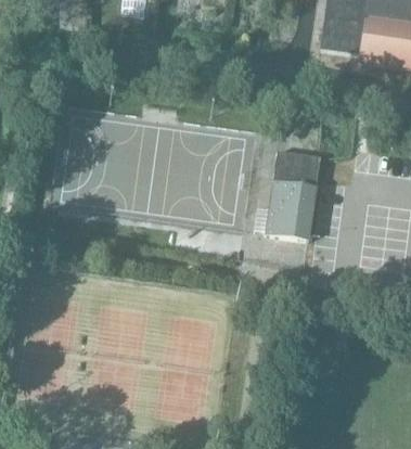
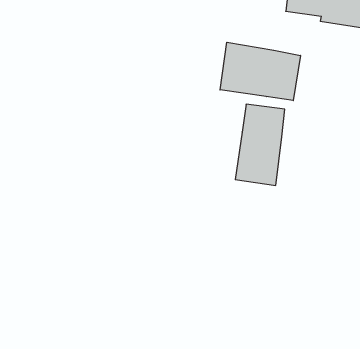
building: none -> [220,42,300,101]

